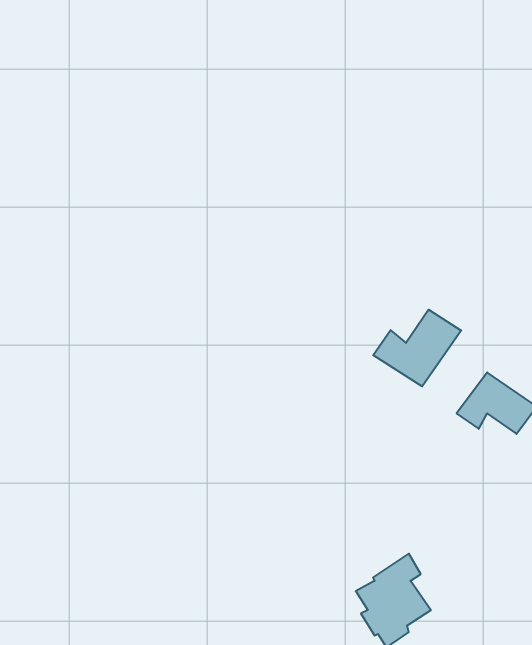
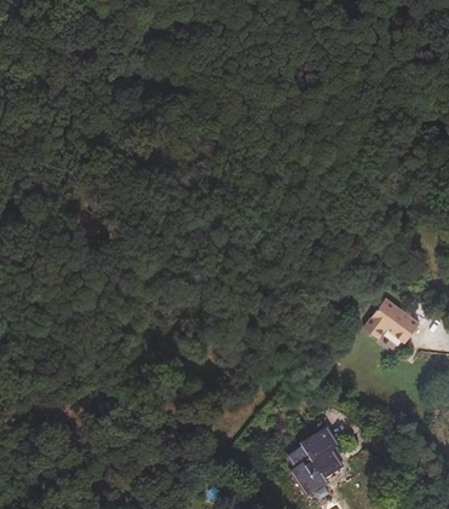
building: [373,310,461,386] -> none

